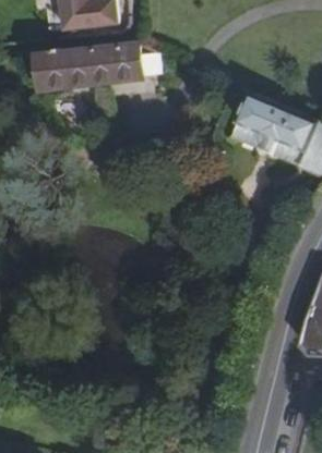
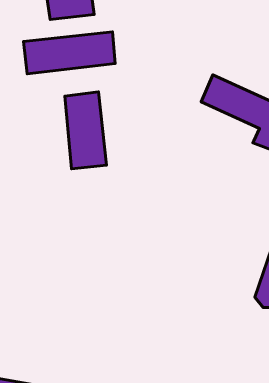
building: none -> [65,92,106,169]

